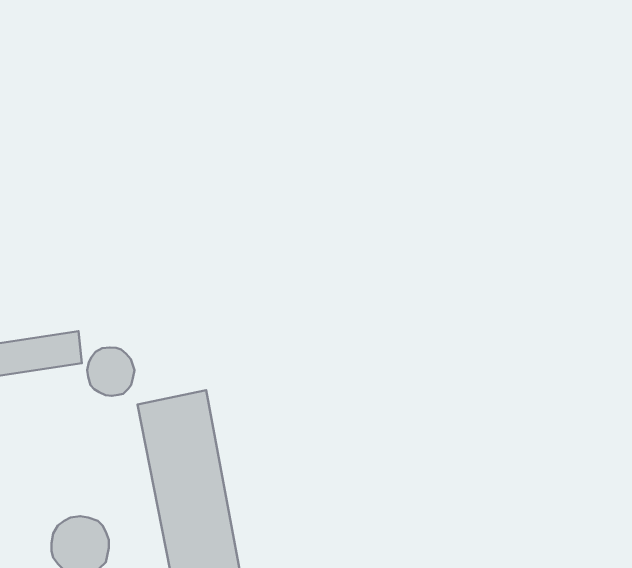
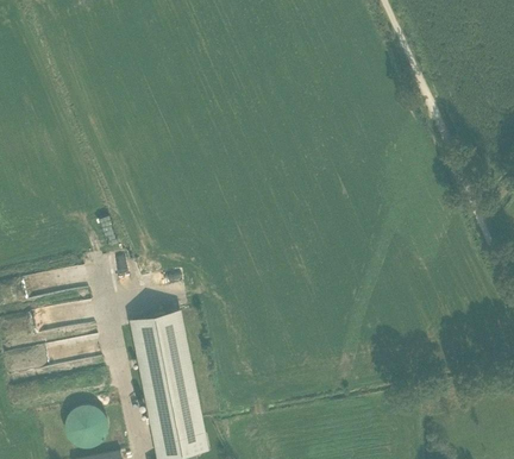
building: [87,347,134,396] -> none

